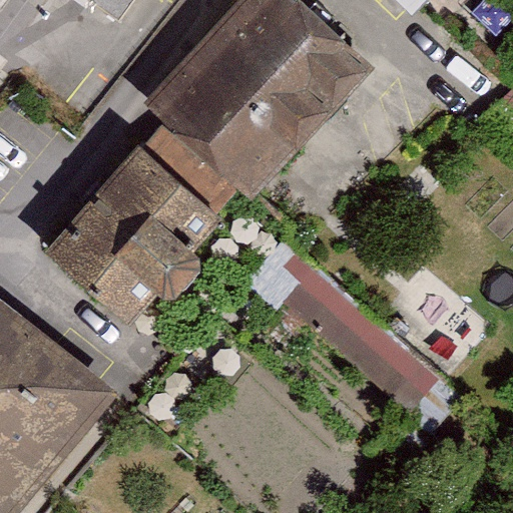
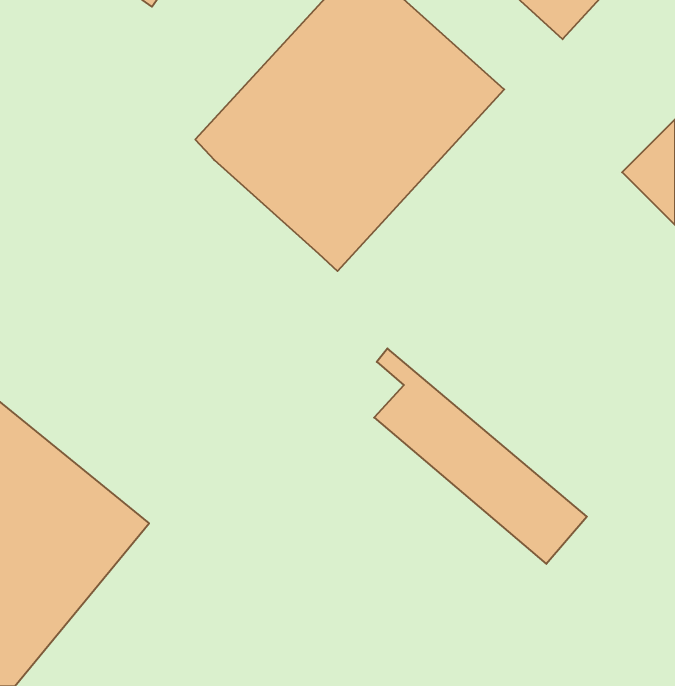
building: [48,118,235,319] -> none

